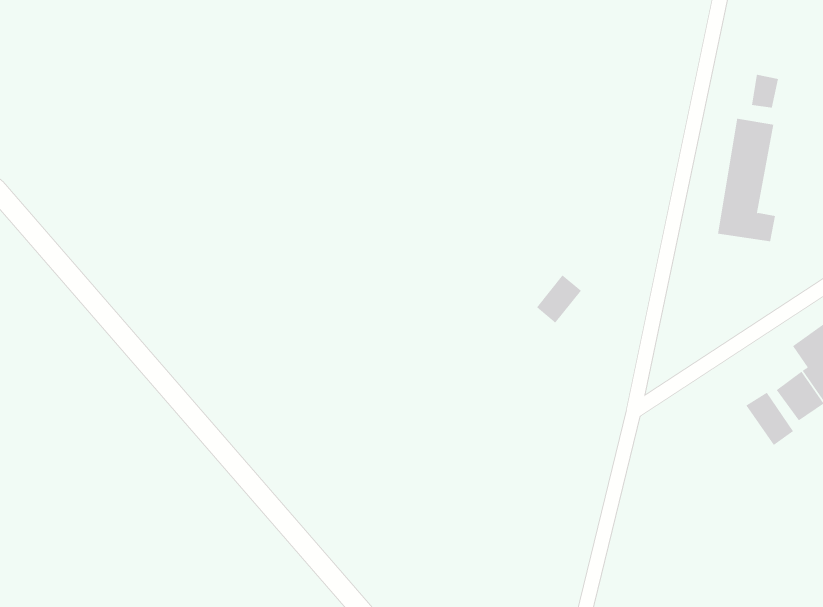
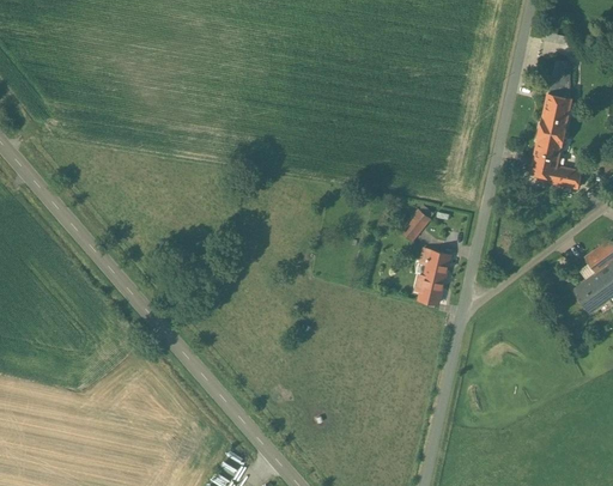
building: none -> [412,245,451,308]
building: [745,392,794,446] -> none

